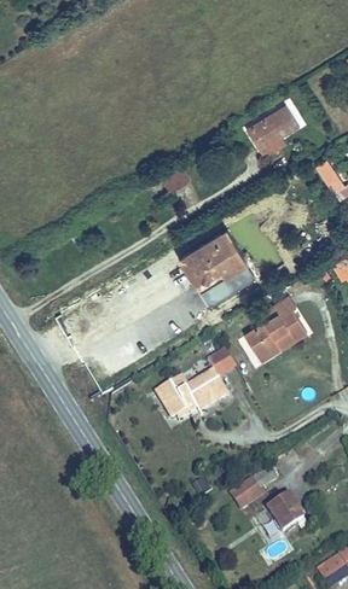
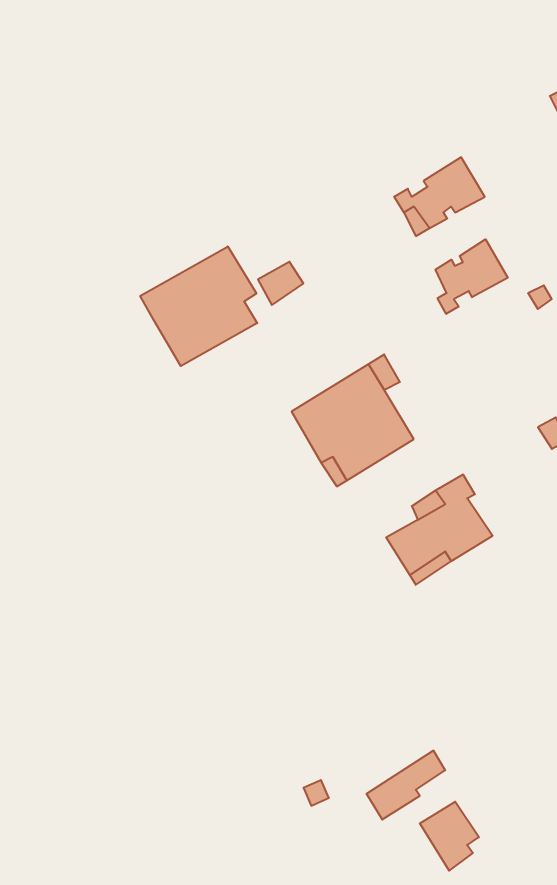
building: none -> [436,239,508,314]
building: none -> [140,246,257,366]
building: [158,346,236,416] -> none

